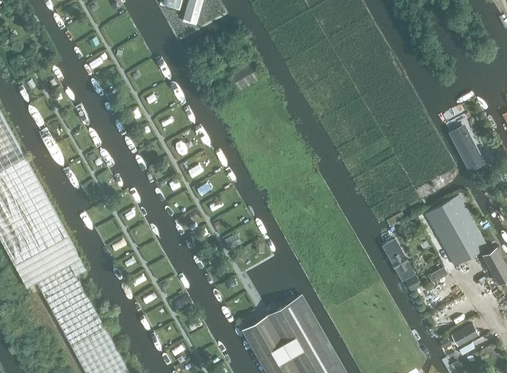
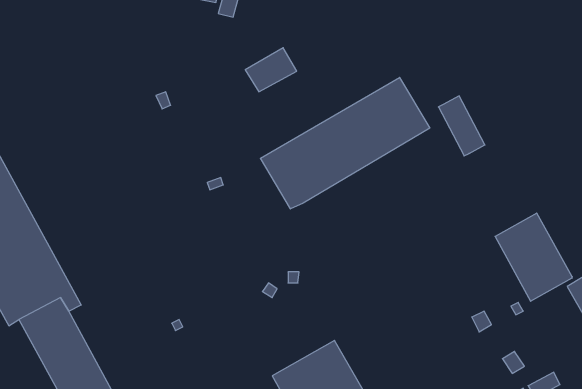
building: none -> [260,77,430,209]
building: [448,125,486,174] -> [438,96,485,156]
building: [381,240,413,282] -> none

